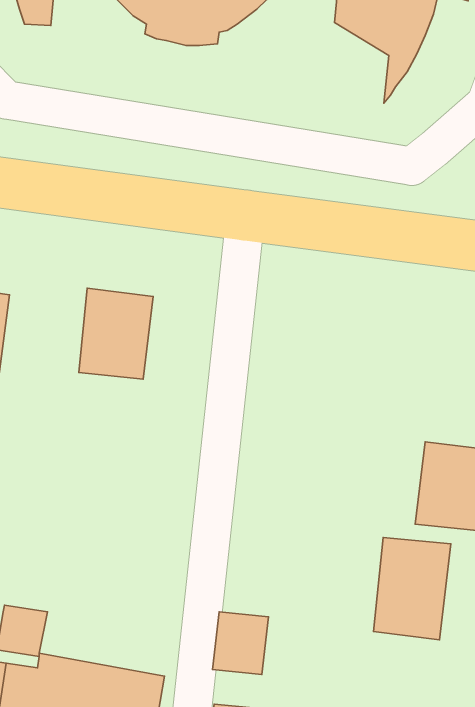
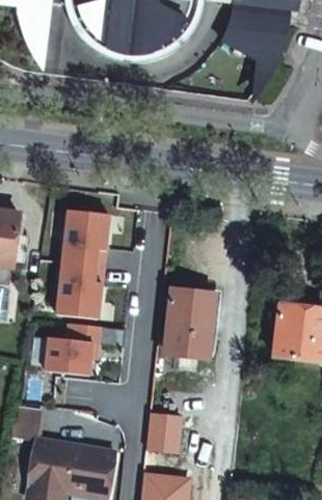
building: none -> [57,261,103,317]
building: none -> [44,322,99,374]
building: [373,537,451,640] -> [166,291,215,356]

